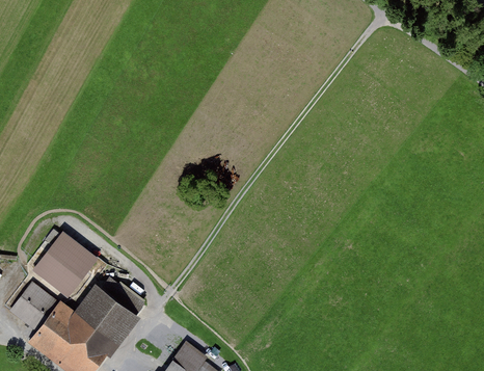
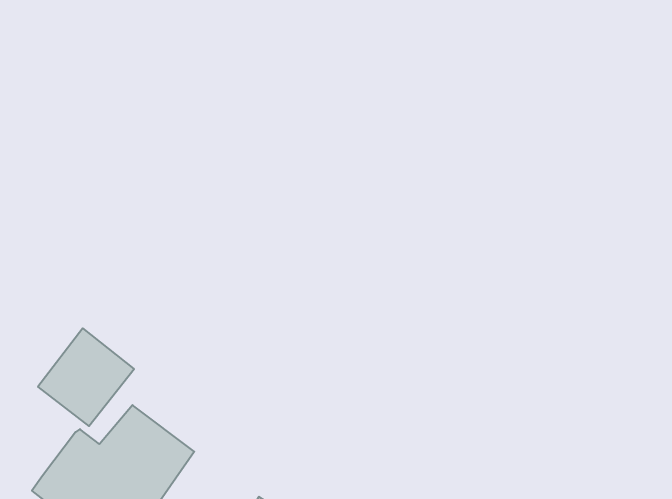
building: [8,283,56,333] -> none

